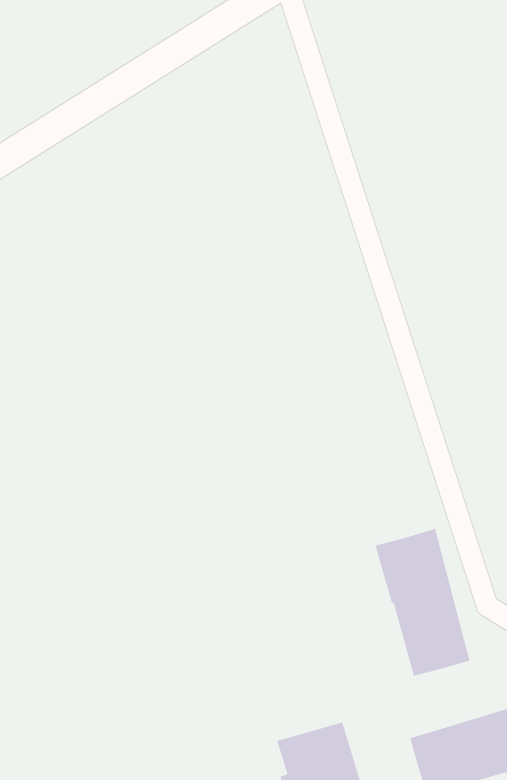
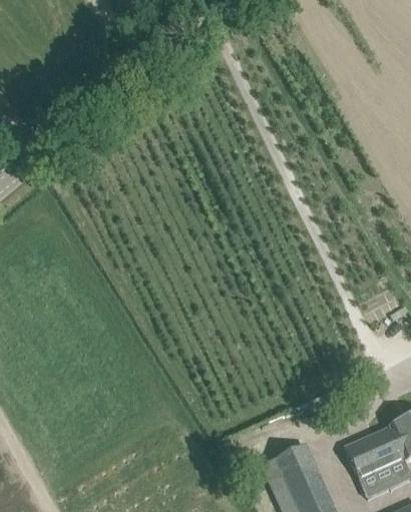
building: [375,528,470,677] -> none

